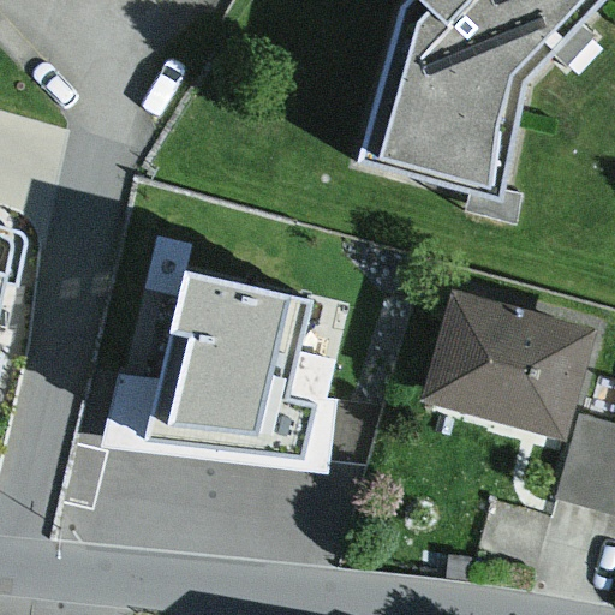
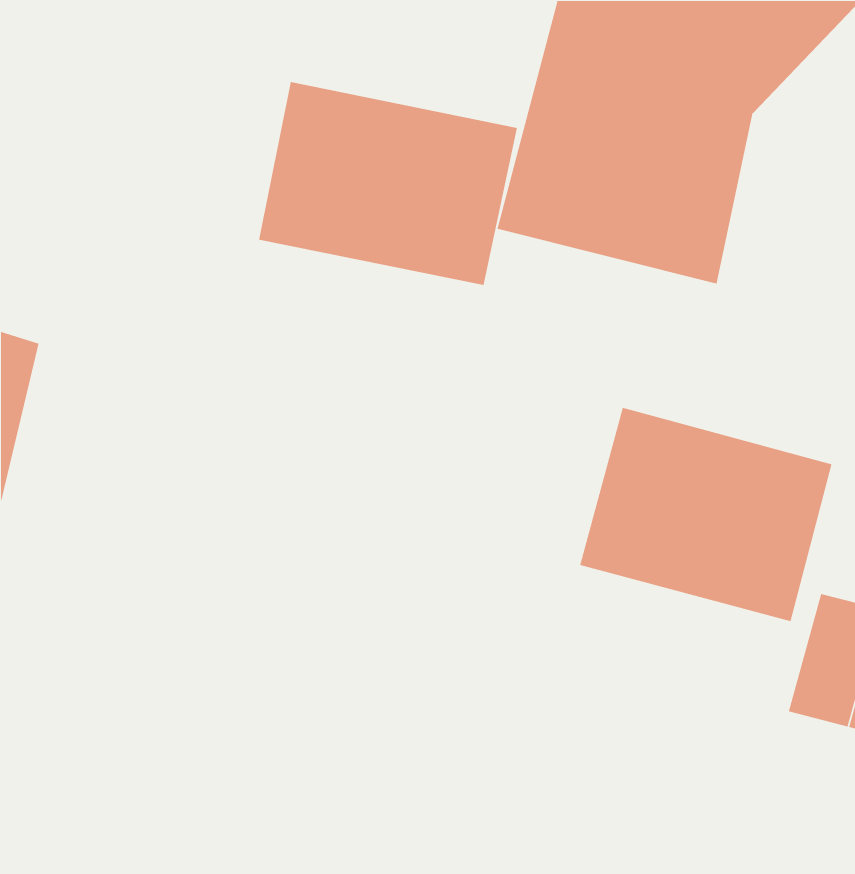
building: none -> [258,81,518,286]
building: [120,257,314,460] -> none

